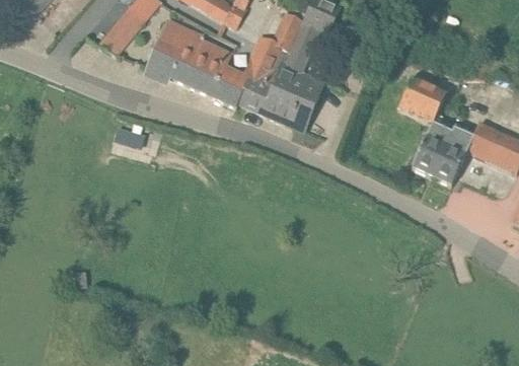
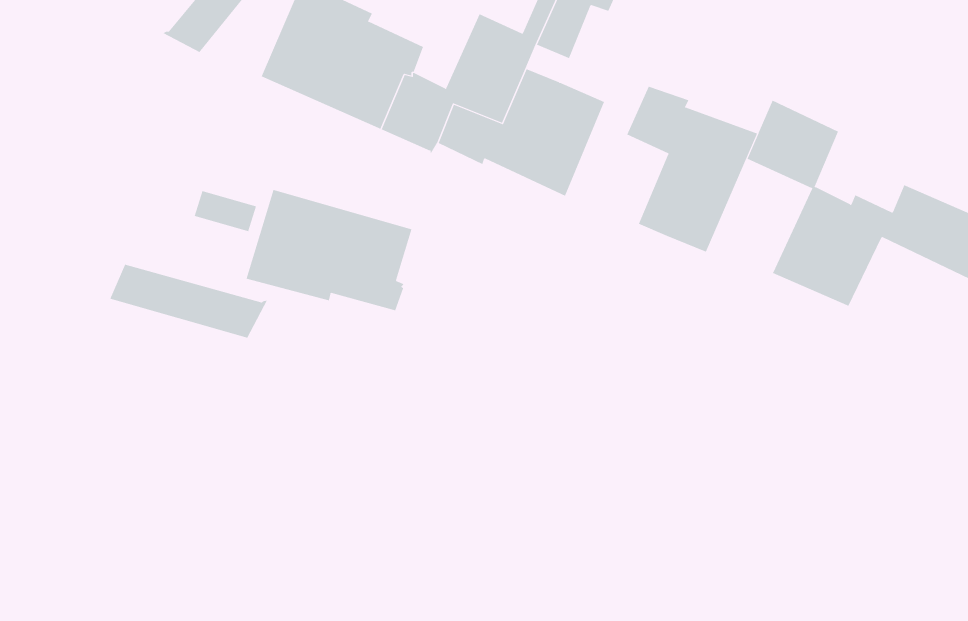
building: none -> [627,86,758,253]
building: none -> [246,189,412,311]
building: none -> [110,264,268,339]

